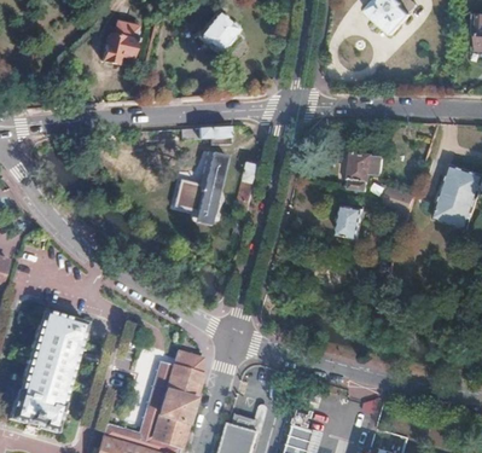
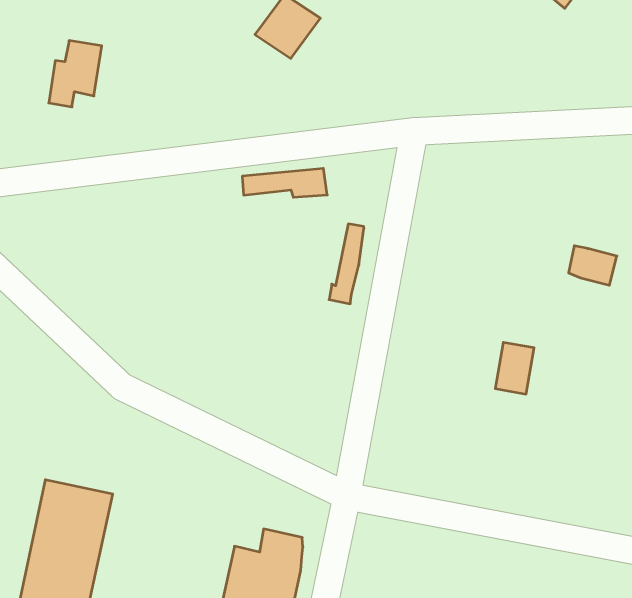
building: [100,21,137,63] -> [49,41,102,107]
building: [175,149,228,225] -> none
building: [349,152,372,190] -> none
building: [337,203,364,237] -> [495,342,534,394]

